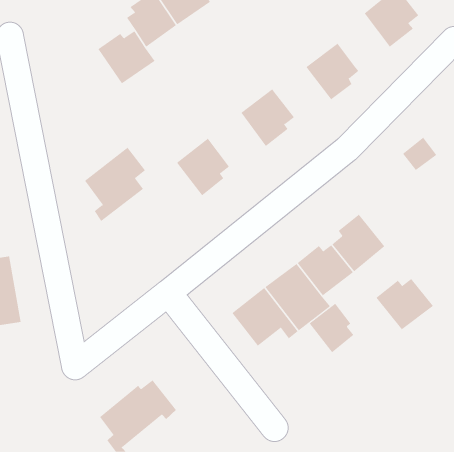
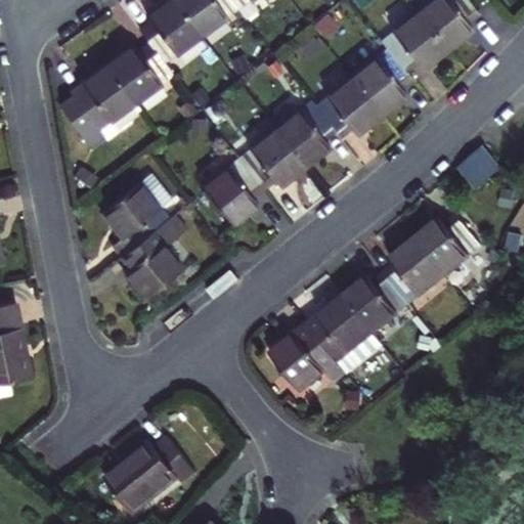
building: none -> [381,15,446,75]
building: none -> [63,56,139,140]
building: none -> [314,77,379,137]
building: none -> [238,129,304,190]
building: none -> [116,216,177,294]
building: [376,278,434,330] -> [411,222,478,281]
building: [309,303,354,353] -> none

